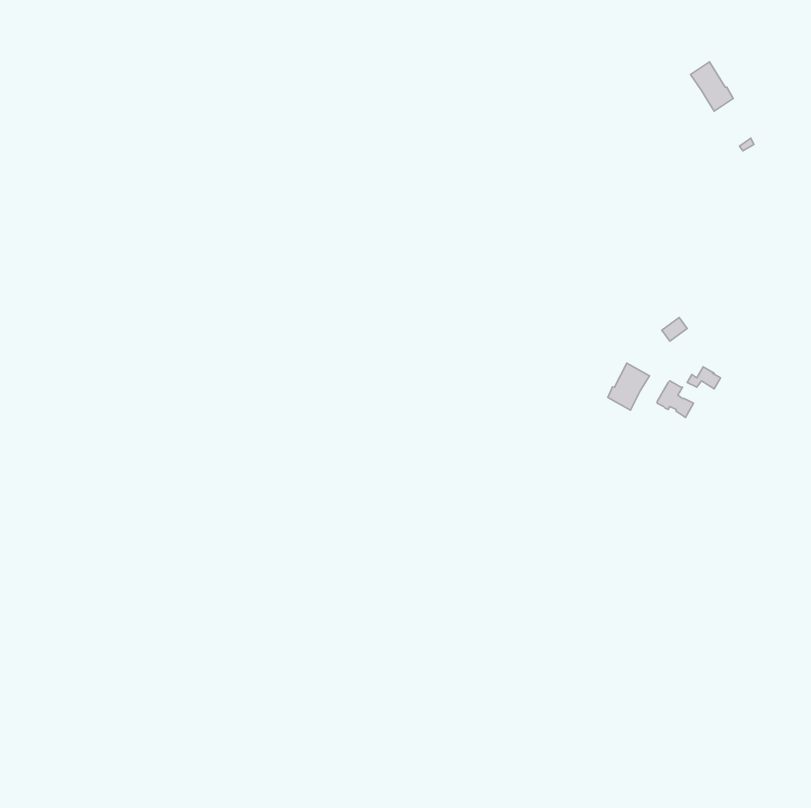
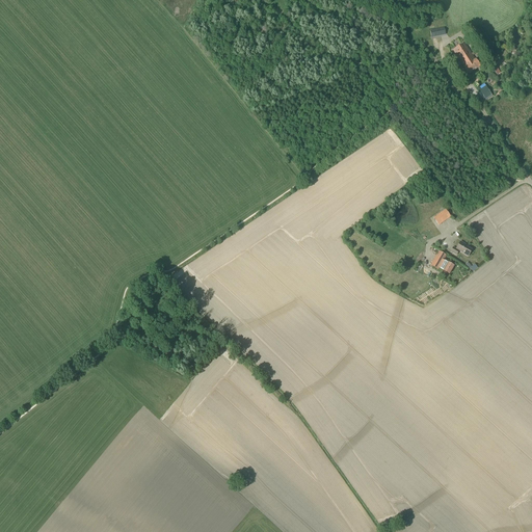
building: [608,363,649,410] -> none

